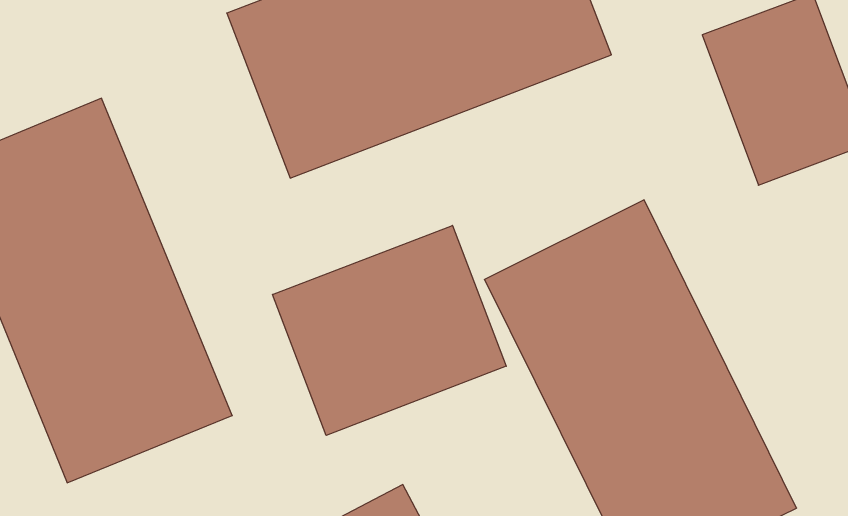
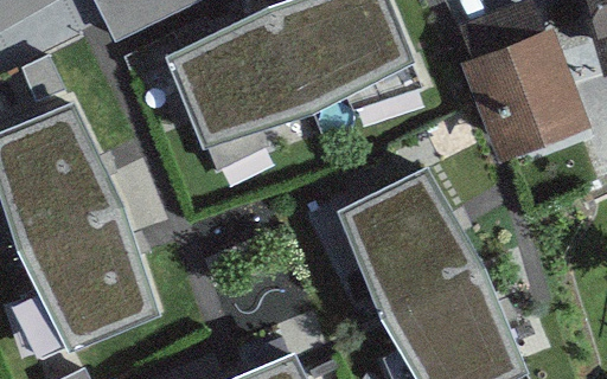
building: [273,225,506,435] -> none

